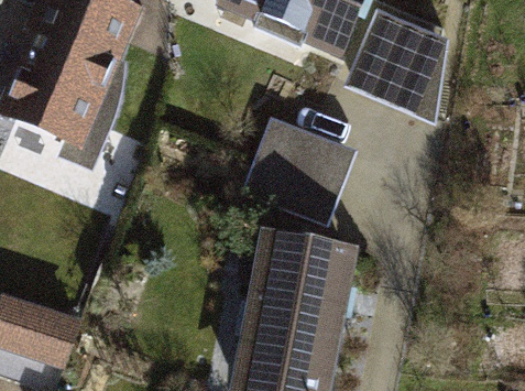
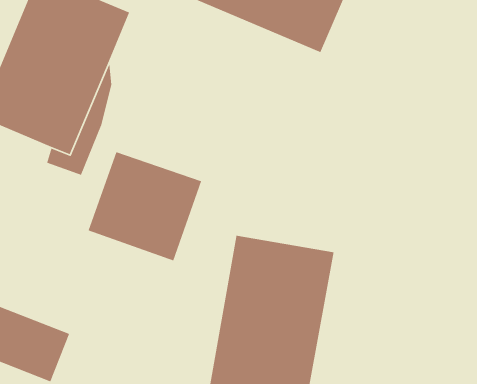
building: [341,9,444,122] -> none
building: [240,119,351,226] -> [88,151,202,261]

